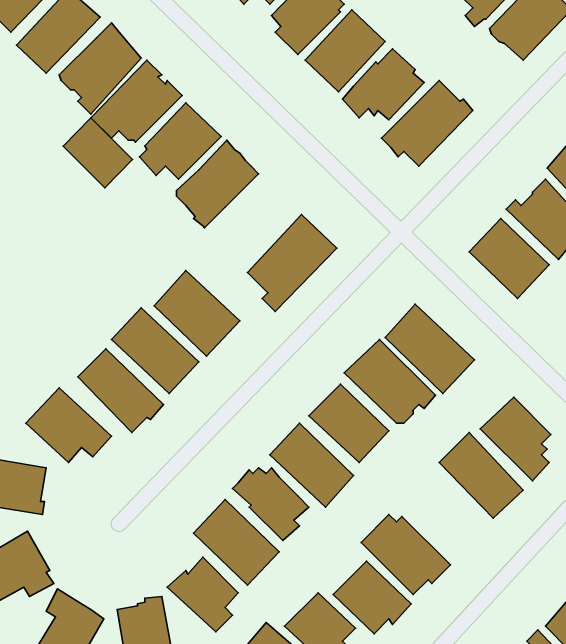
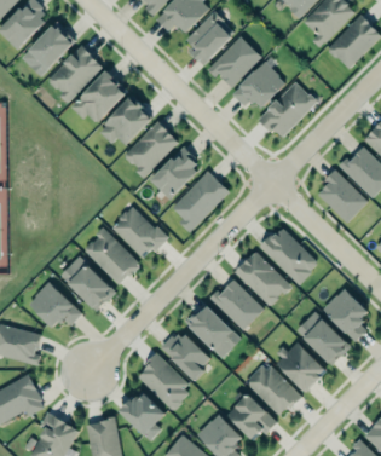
building: [63,118,133,188] -> none
building: none -> [150,151,197,198]
building: none -> [273,339,325,391]

